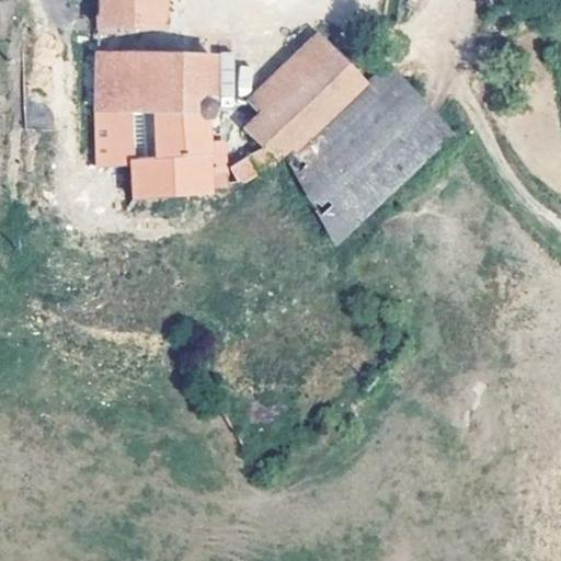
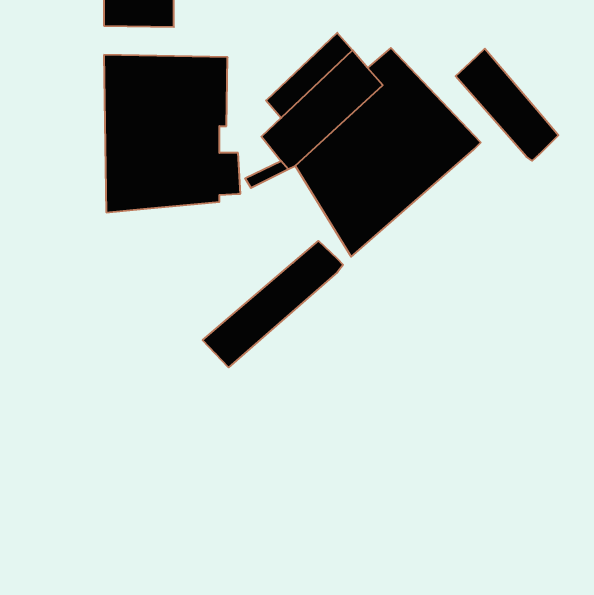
building: none -> [456,49,558,161]
building: none -> [203,241,343,367]

